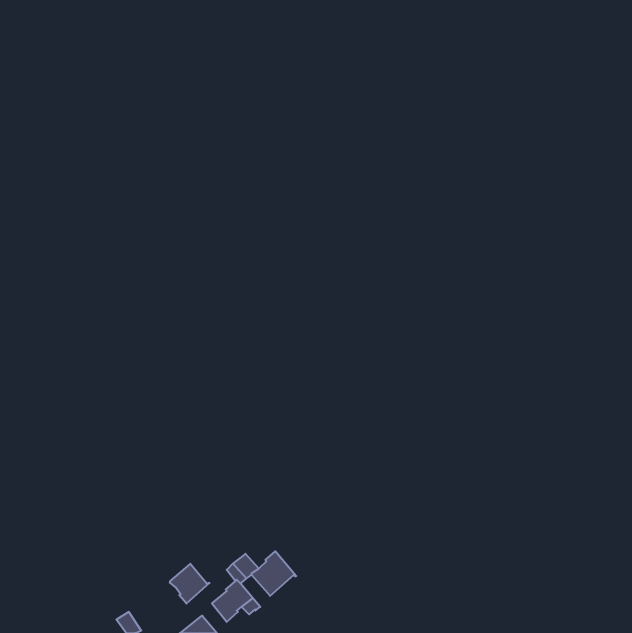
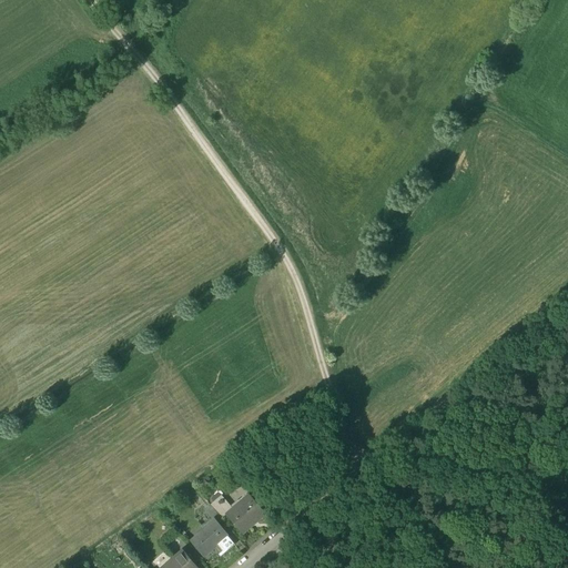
building: [170,564,210,604] -> none

